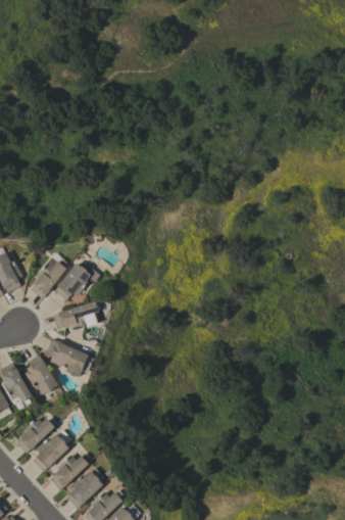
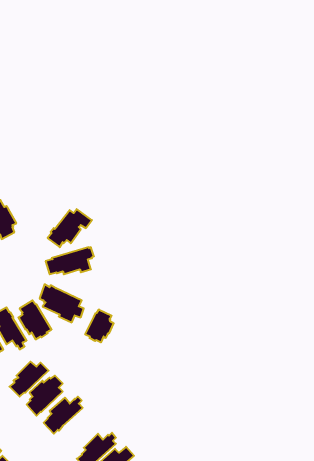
building: [31,256,67,298] -> none
building: none -> [85,309,114,342]
building: [67,468,104,508] -> none

